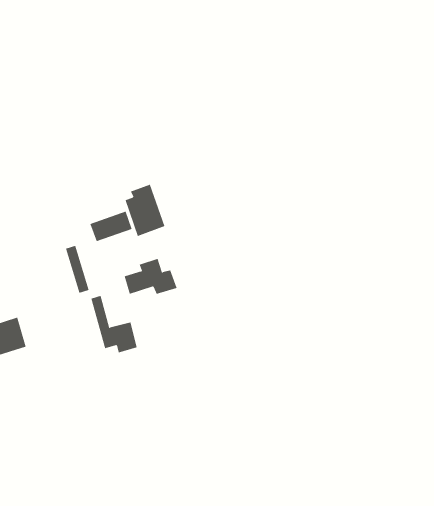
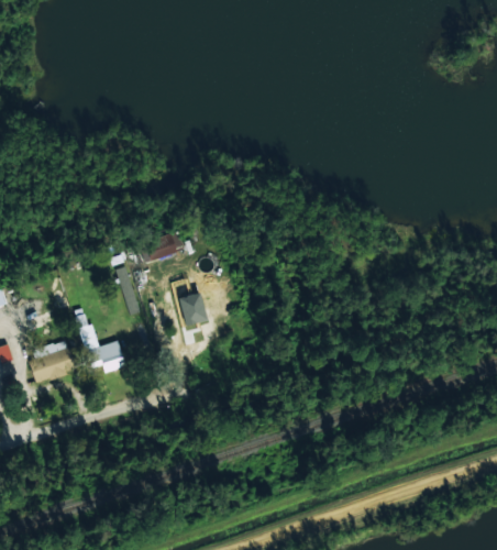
building: [125,184,165,237] -> none
building: [90,295,138,353] -> [76,315,124,374]

